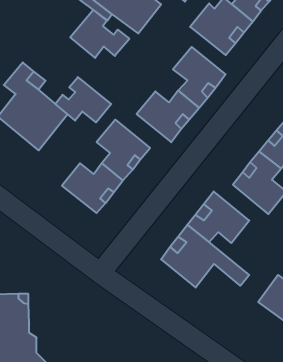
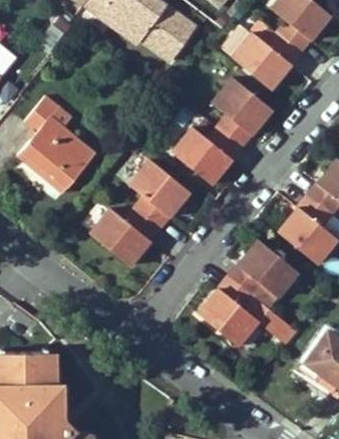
building: [70,10,129,58] -> none
building: [55,77,111,122] -> none

